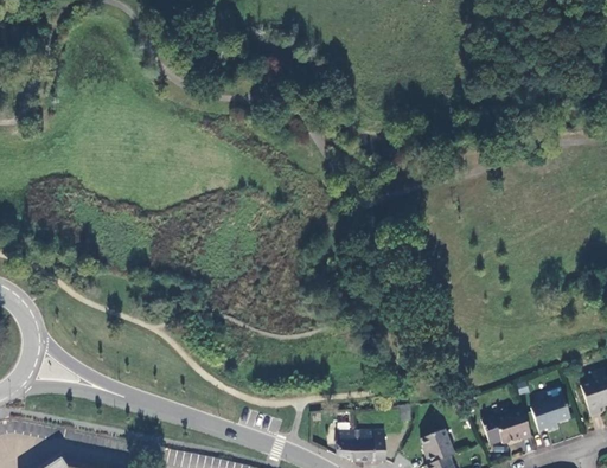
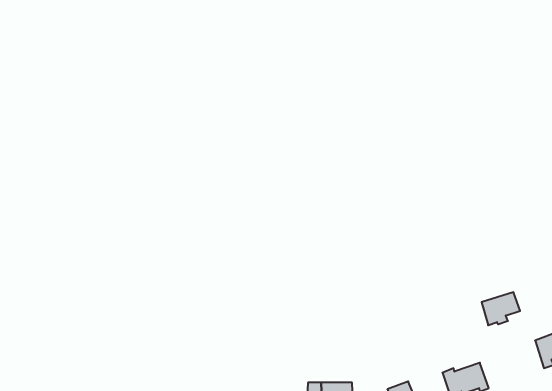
building: [532,397,574,432] -> [482,292,520,325]

